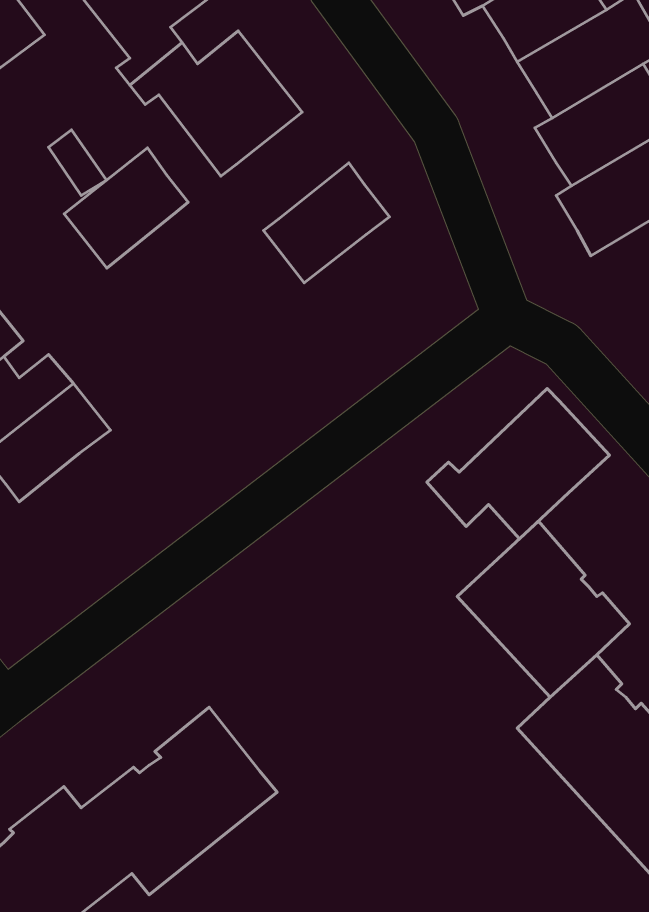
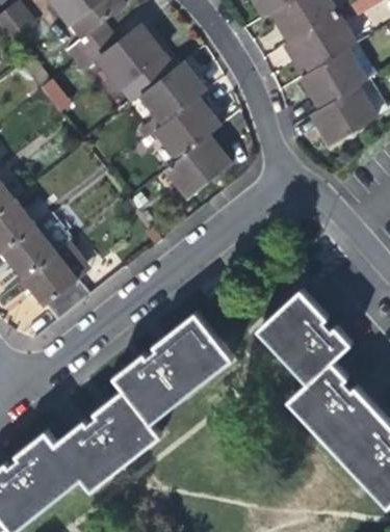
building: [64,148,188,268] -> [138,62,205,127]
building: none -> [163,135,231,200]
building: [427,389,609,539] -> none
building: none -> [22,252,77,307]
building: none -> [114,314,231,423]

